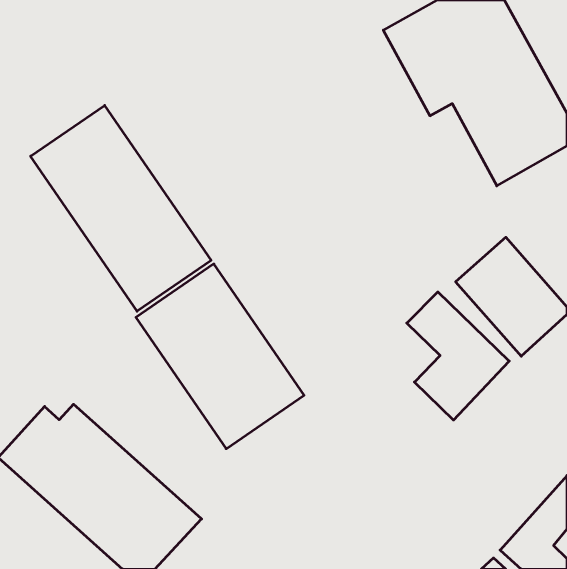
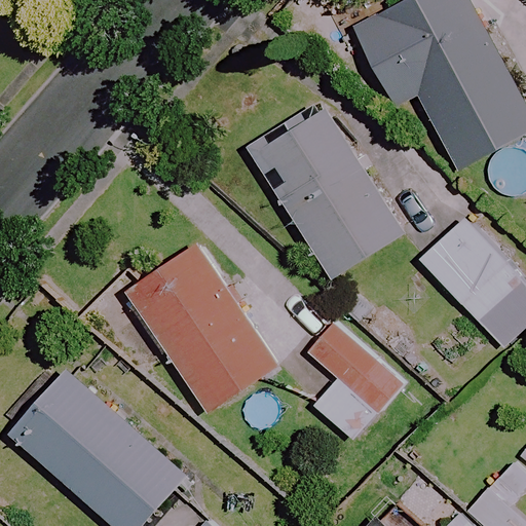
building: [31,105,211,311] -> none
building: none -> [250,106,406,280]
building: [407,292,509,420] -> [307,323,402,441]

